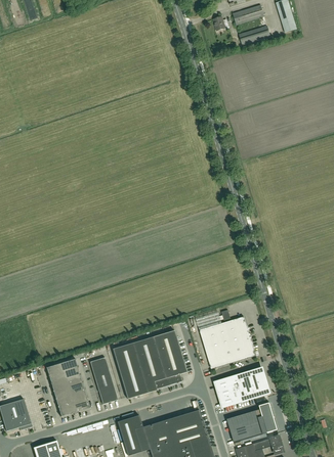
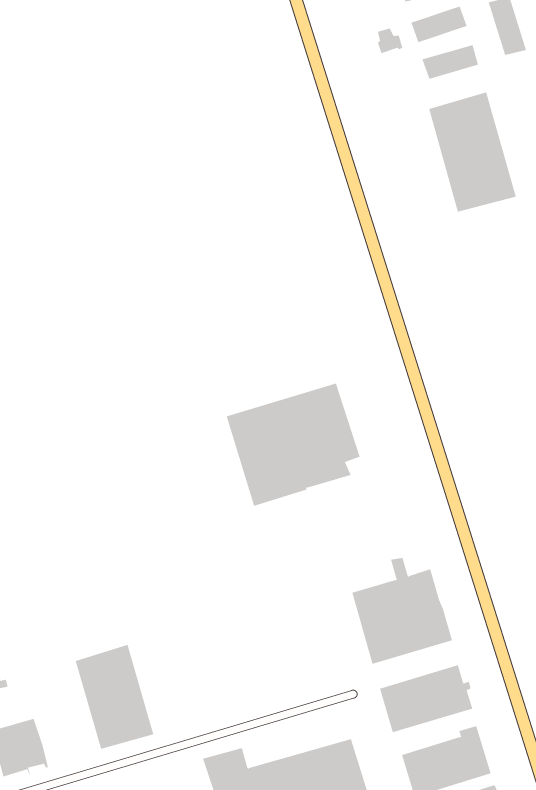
building: none -> [429,91,517,212]
building: [112,330,186,399] -> [226,383,361,507]
building: [89,357,117,404] -> none

